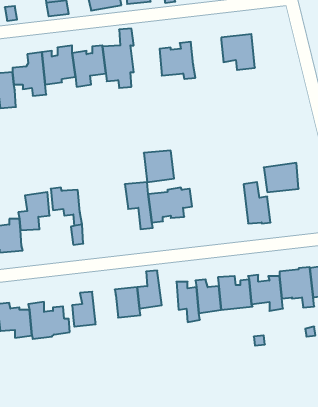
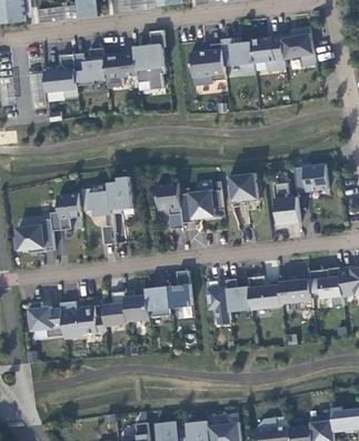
building: none -> [281,27,316,66]
building: none -> [221,38,255,76]
building: [144,151,174,182] -> [228,173,258,204]
building: none -> [108,177,133,212]
building: none -> [123,290,149,321]

